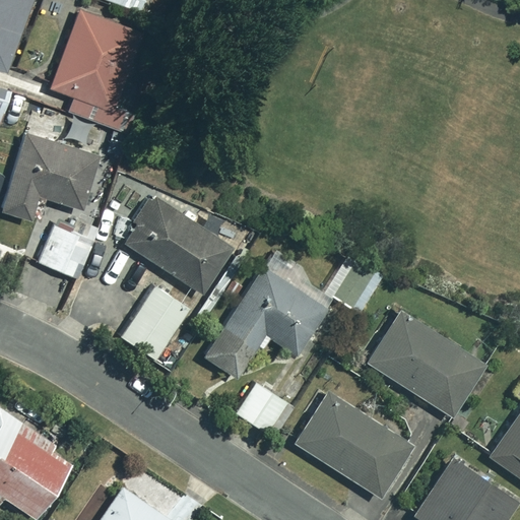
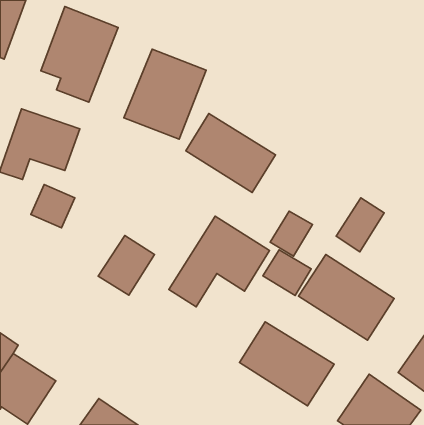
building: none -> [124,49,206,139]
building: [122,197,232,294] -> [186,113,275,192]
building: none -> [336,198,384,252]
building: none -> [263,250,311,295]
building: [236,383,291,437] -> none

